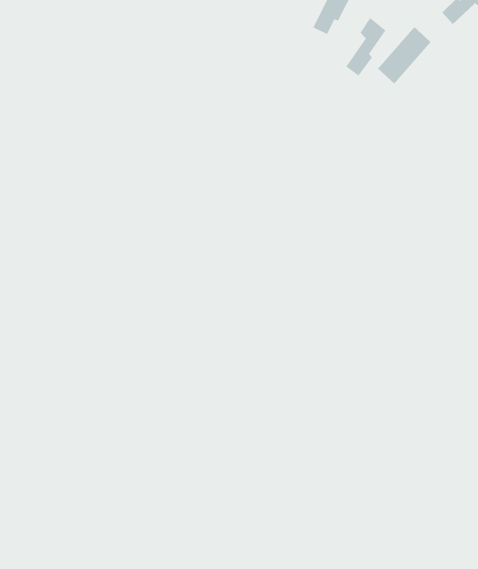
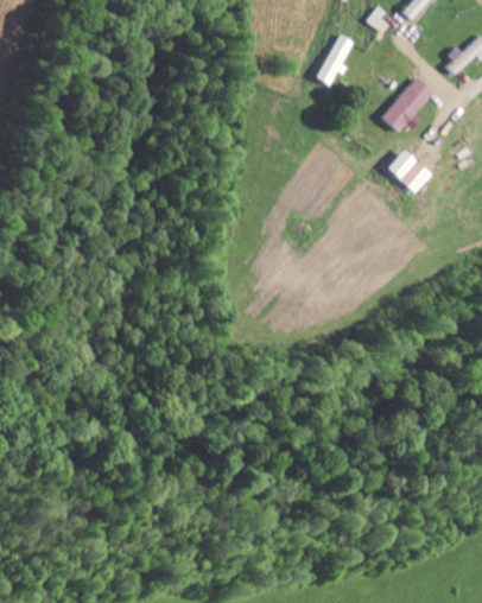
building: [345,17,386,77] -> none
building: none -> [385,147,430,192]

